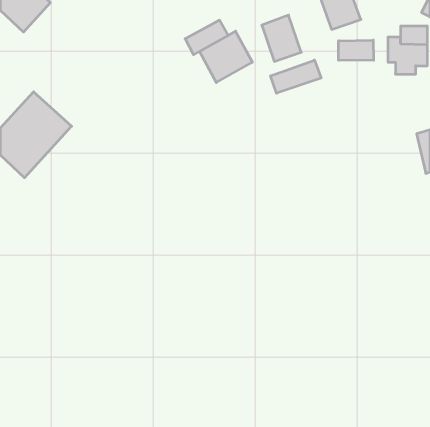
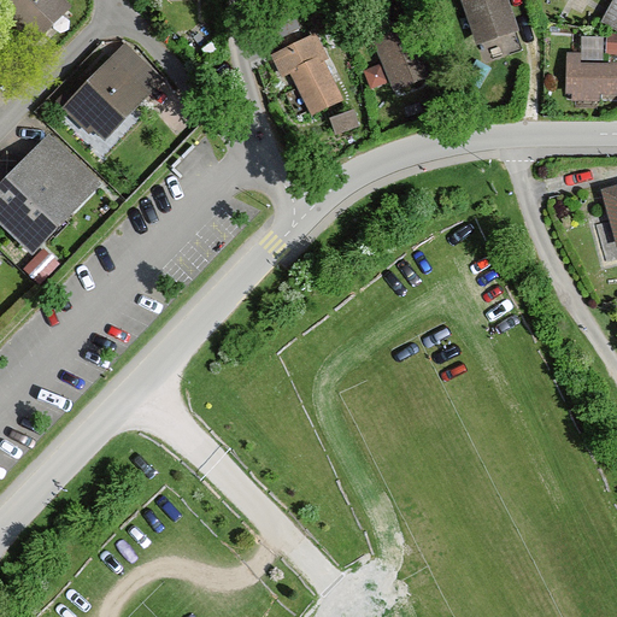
building: none -> [64,45,160,142]
building: [339,40,374,60] -> none
building: [271,60,321,93] -> none

